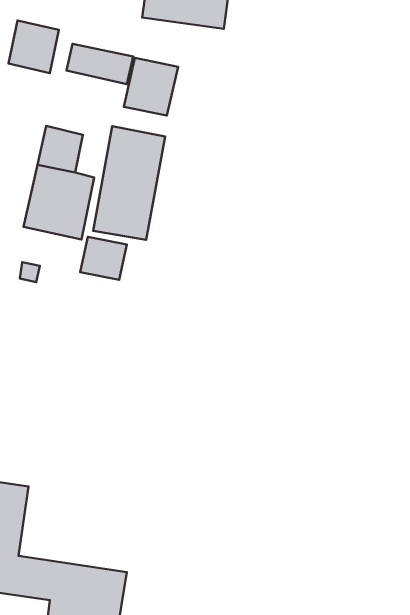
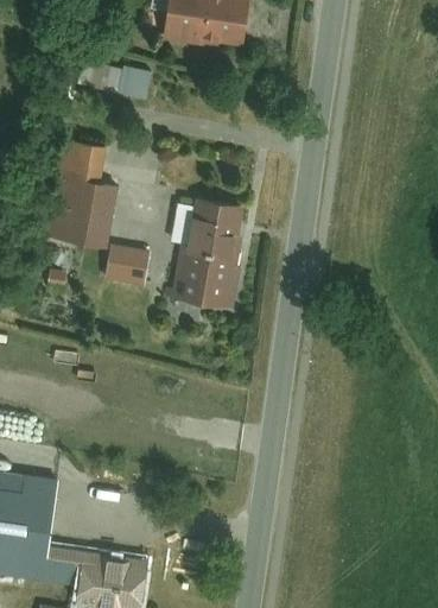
building: [9,21,59,73] -> none
building: [124,58,178,116] -> none
building: [93,126,165,240] -> [177,196,245,303]

